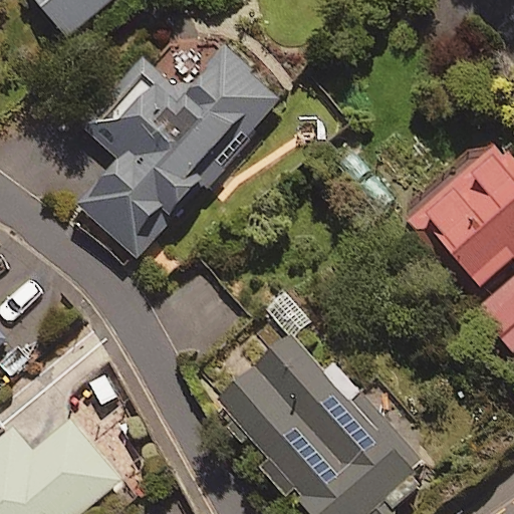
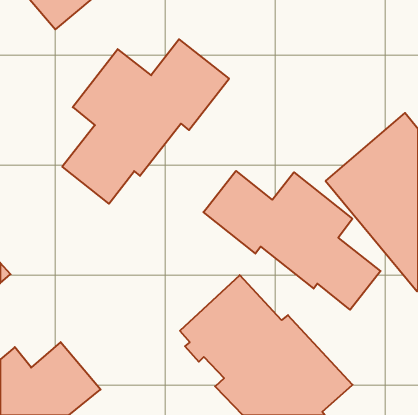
building: none -> [203,171,381,310]

